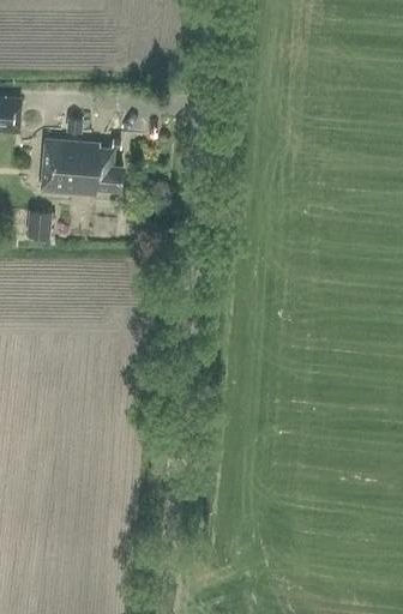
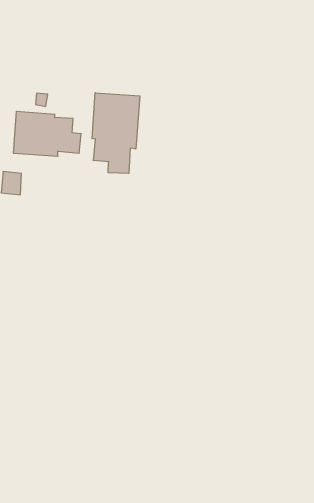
building: none -> [92,93,140,173]

